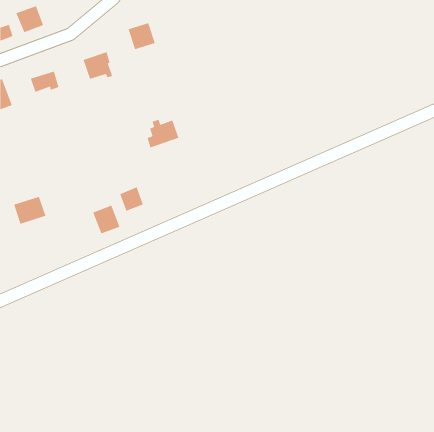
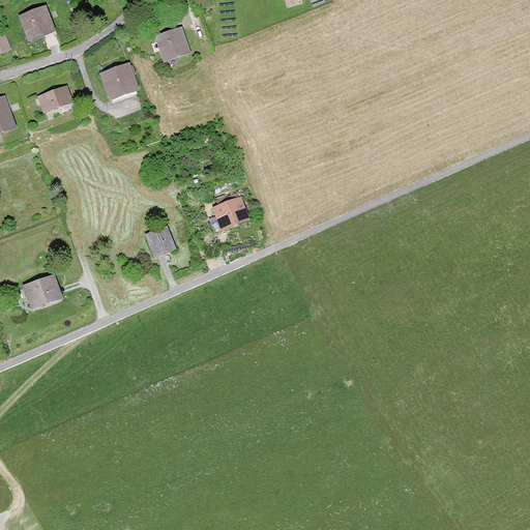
building: [146,119,180,149] -> [209,196,249,232]
building: [13,196,46,225] -> [22,274,62,310]
building: [92,205,120,235] -> none

